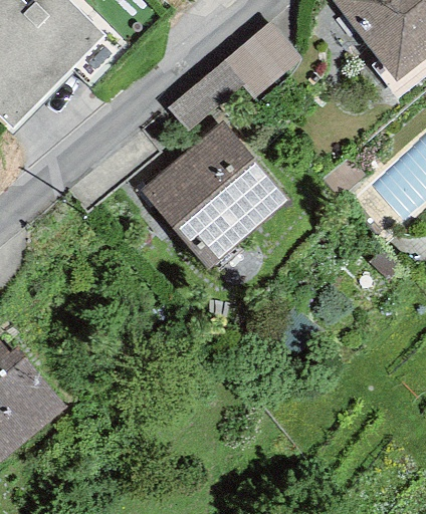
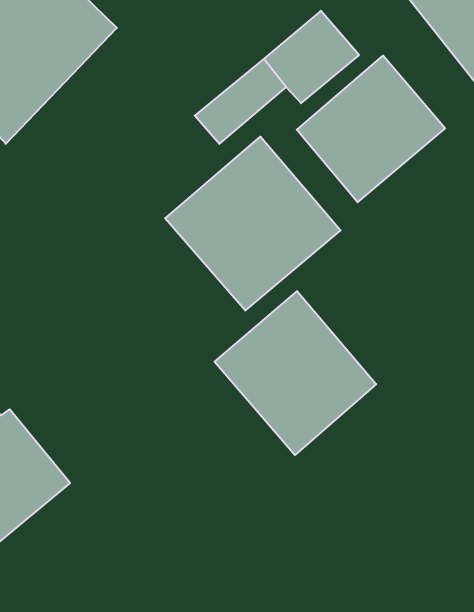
building: none -> [297,56,445,202]
building: none -> [215,291,376,455]

